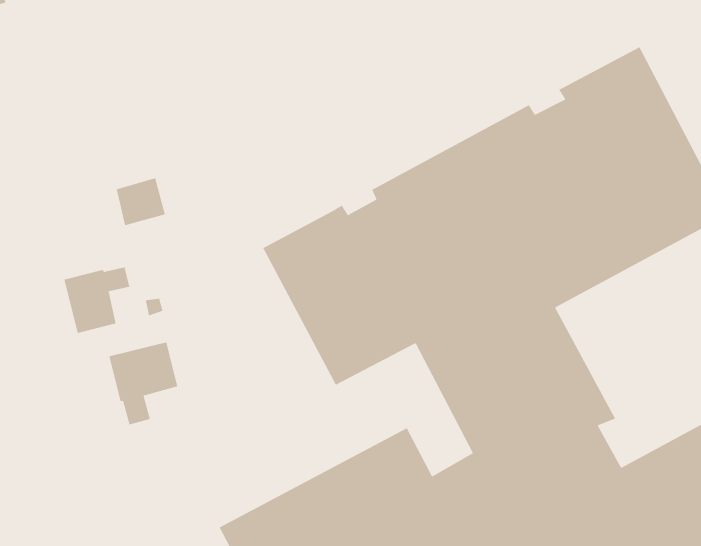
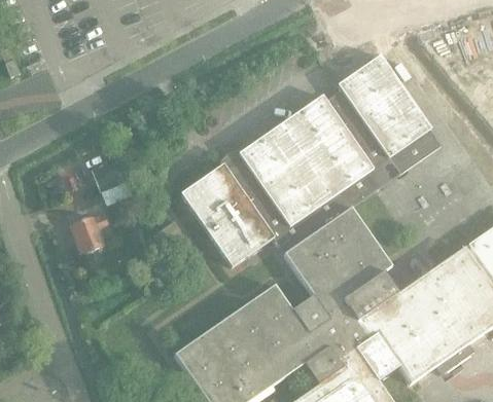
building: [109,341,178,425] -> none

